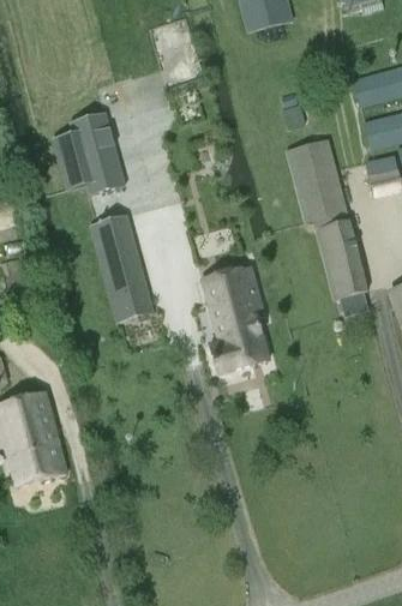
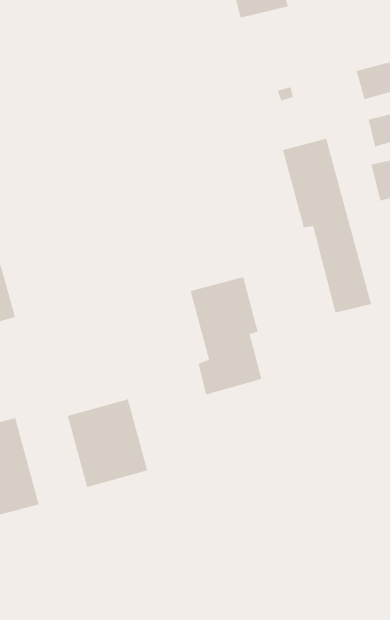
building: [53,112,124,193] -> none
building: [89,212,154,322] -> none
building: none -> [67,399,148,488]

